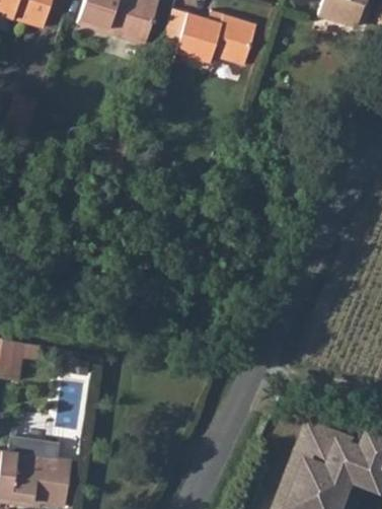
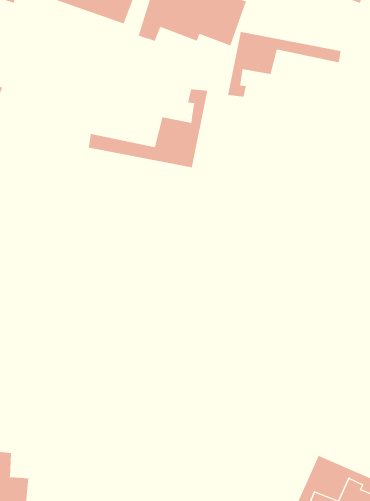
building: none -> [228,31,341,98]
building: none -> [88,88,208,168]

